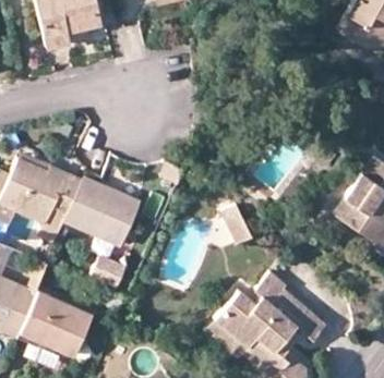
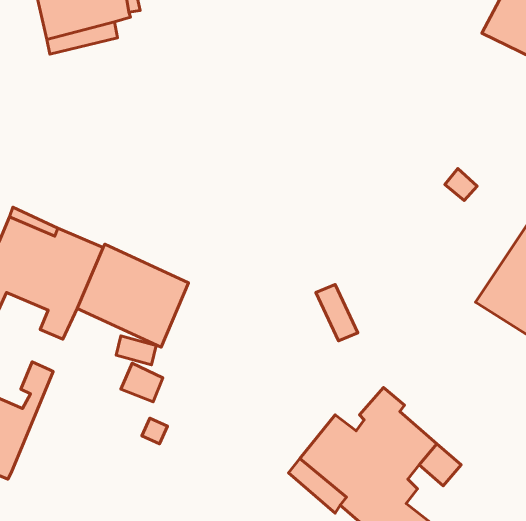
building: [20,289,91,355] -> none

